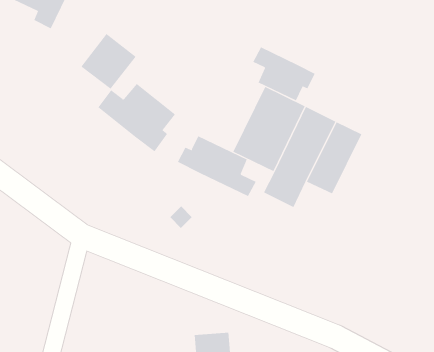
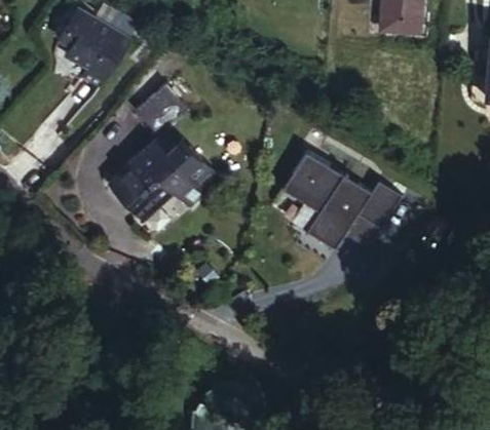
building: [253,47,316,101] -> none
building: none -> [111,155,174,218]
building: [177,136,256,197] -> none

